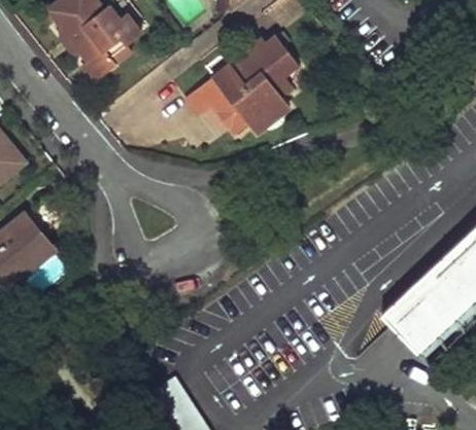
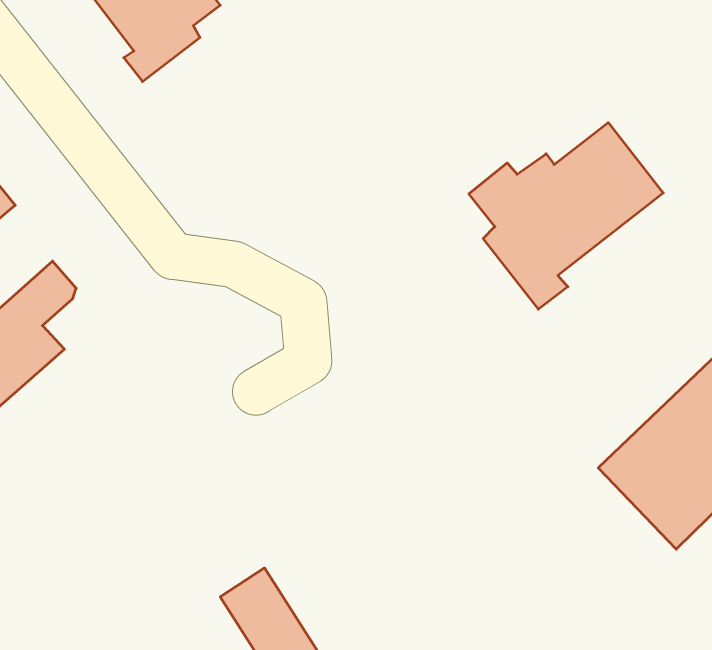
building: [180,36,297,138] -> none
building: none -> [469,123,663,309]

